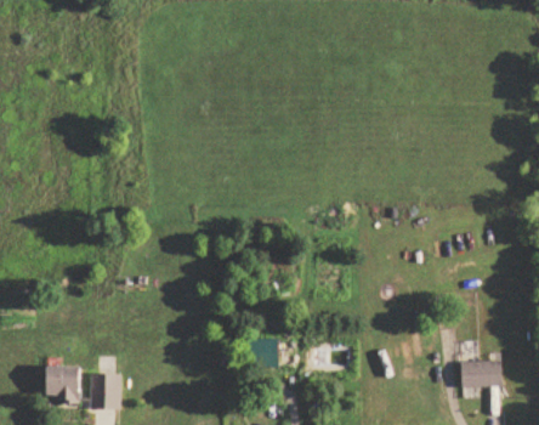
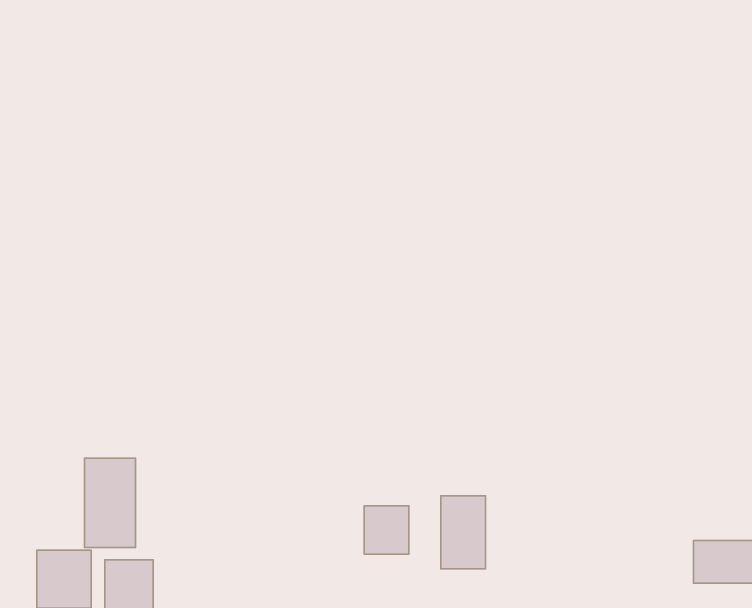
building: none -> [85,458,136,547]
building: none -> [441,496,486,569]

